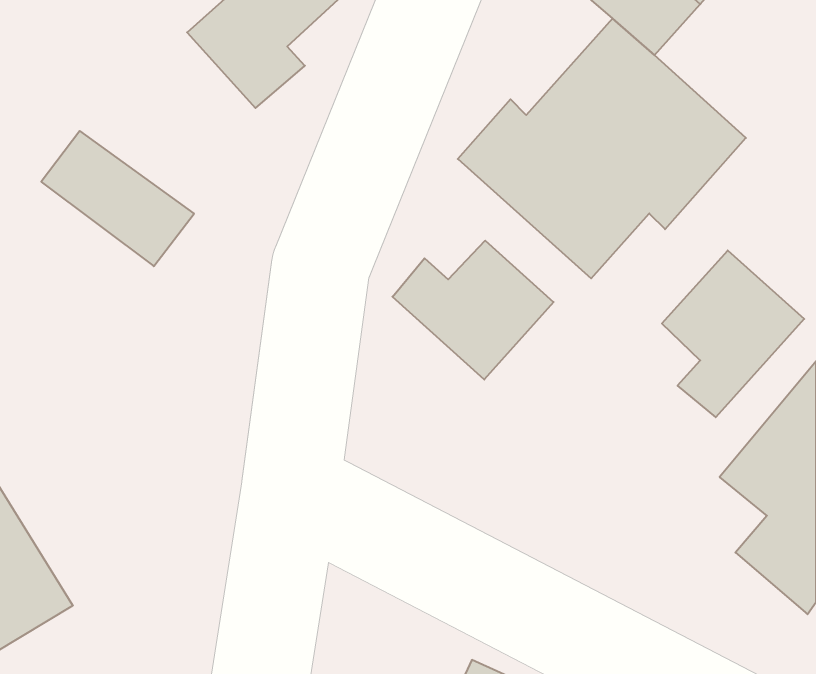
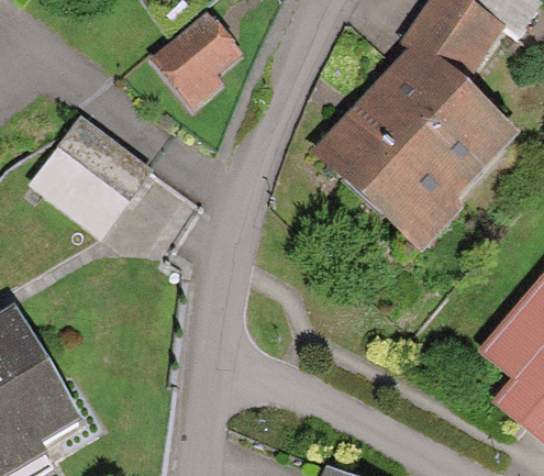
building: [392,241,554,380] -> none
building: [662,250,804,417] -> none

